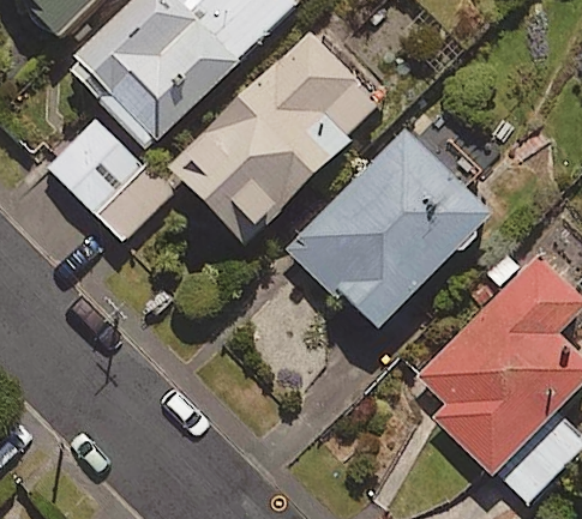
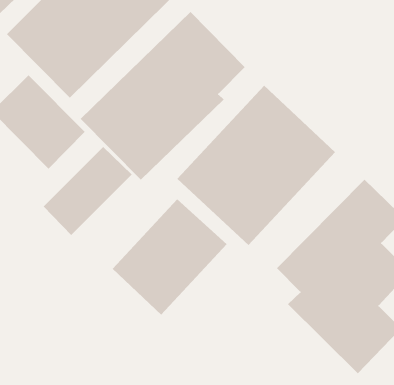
building: none -> [43,146,132,236]
building: none -> [112,199,227,316]

